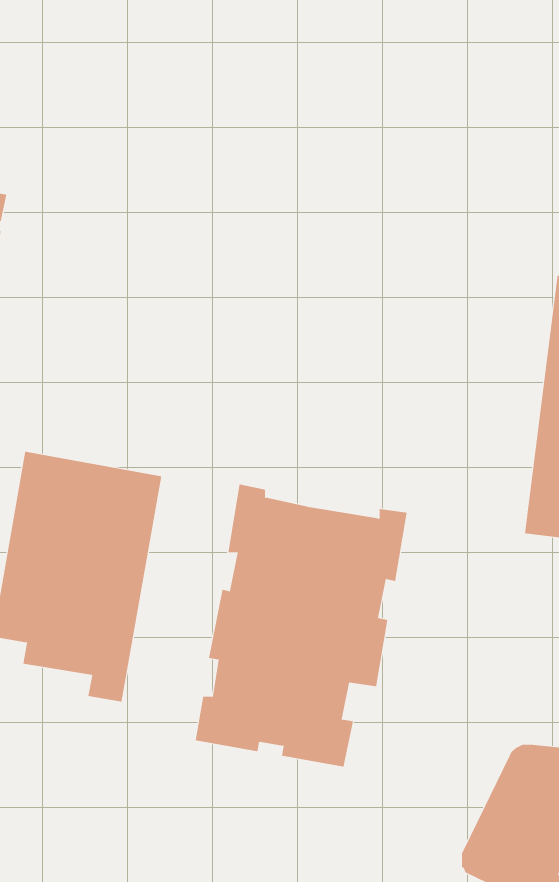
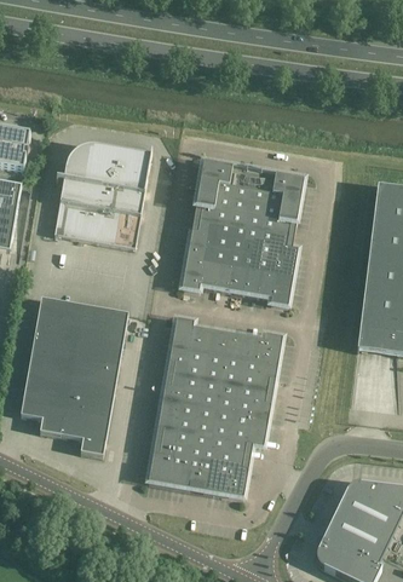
building: none -> [54,144,151,246]
building: none -> [183,161,304,304]

